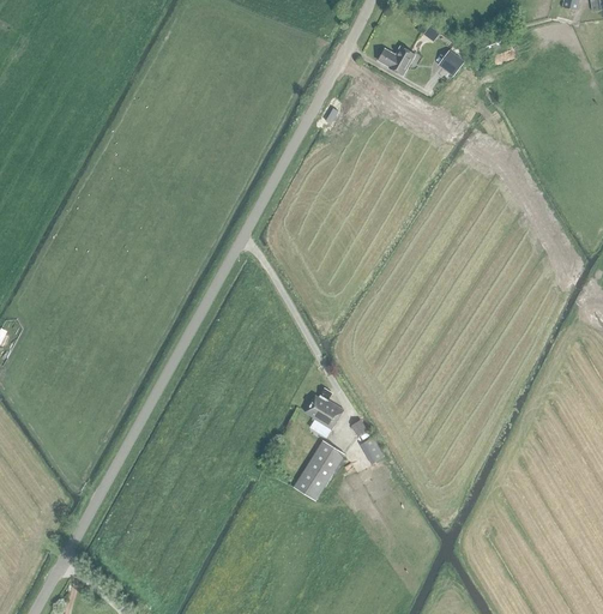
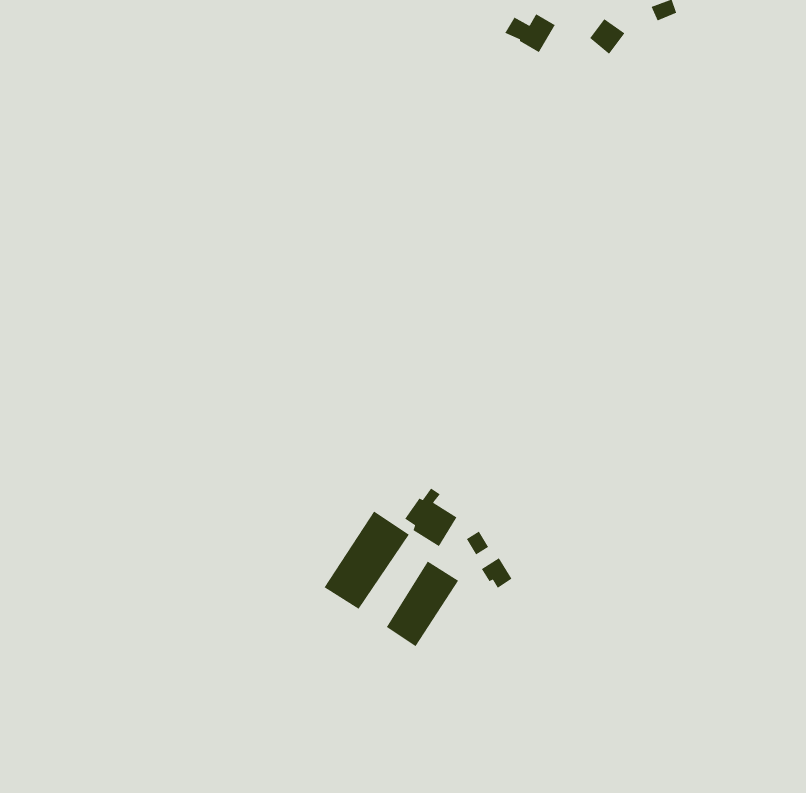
building: none -> [324,510,410,610]

